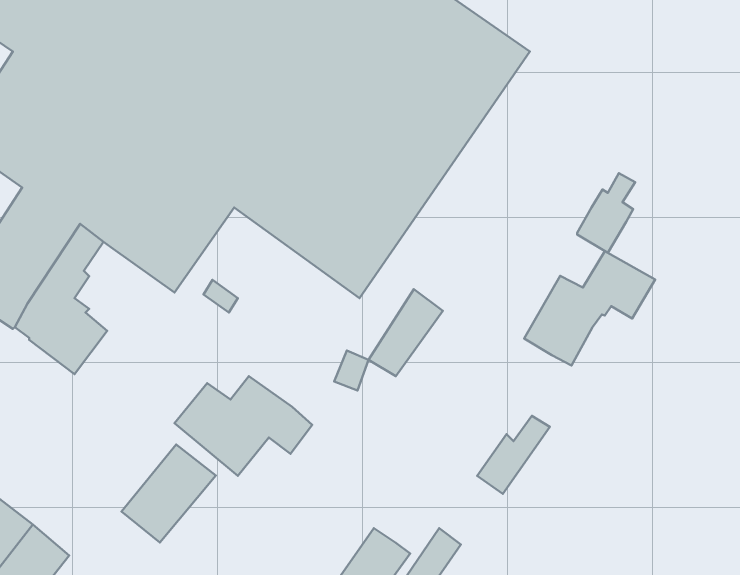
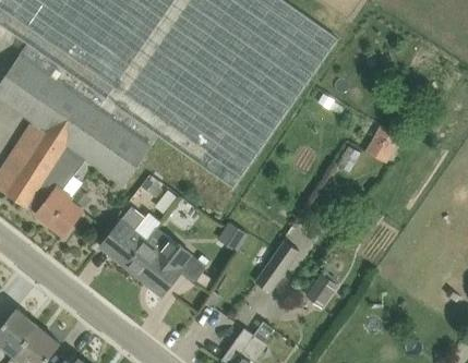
building: [524,251,655,366] -> none
building: [368,289,443,376] -> [255,239,300,291]
building: [122,445,216,542] -> [99,205,156,264]

